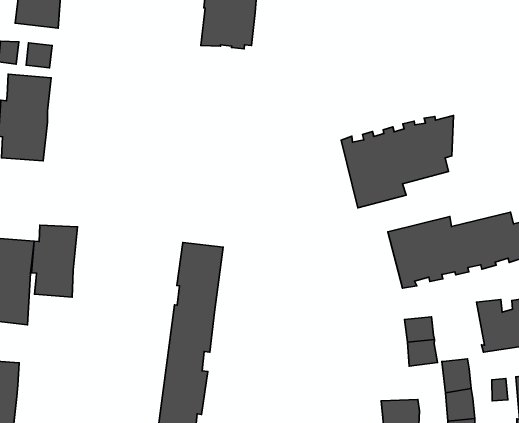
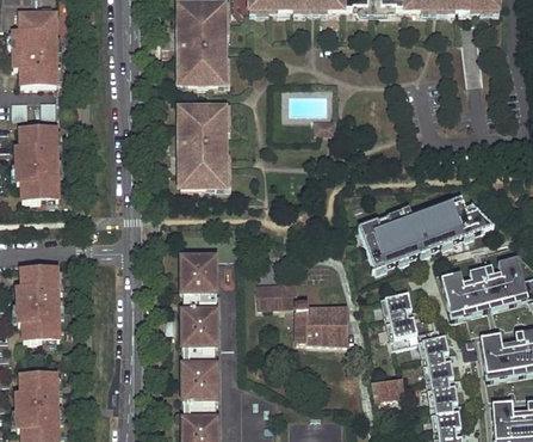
building: none -> [179,109,224,189]
building: [341,116,453,208] -> none
building: [32,225,78,297] -> none
building: none -> [255,283,347,343]

